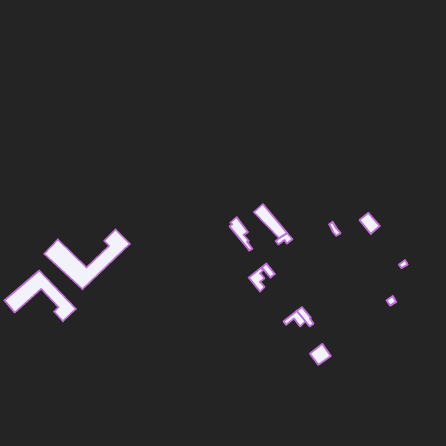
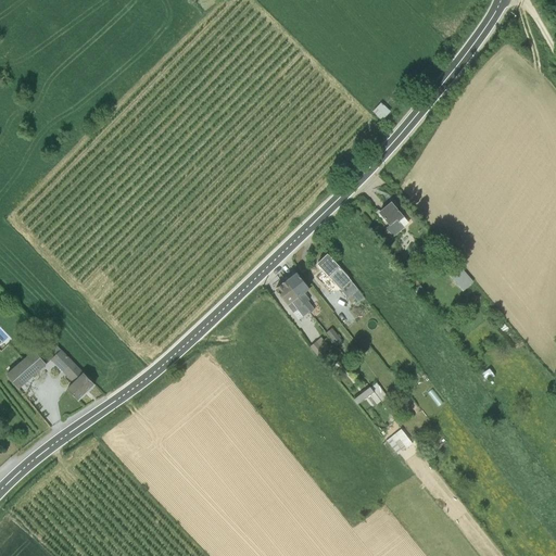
building: none -> [379,202,408,237]
building: none -> [275,281,309,320]
building: [44,229,130,289] -> none

